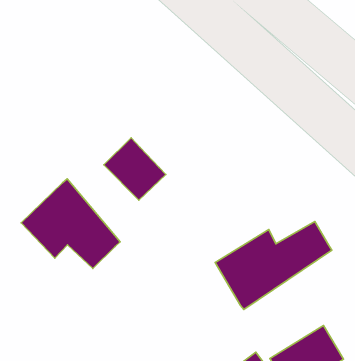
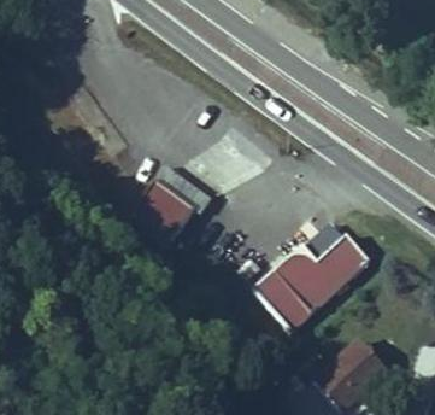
building: [21,179,120,269] -> none

